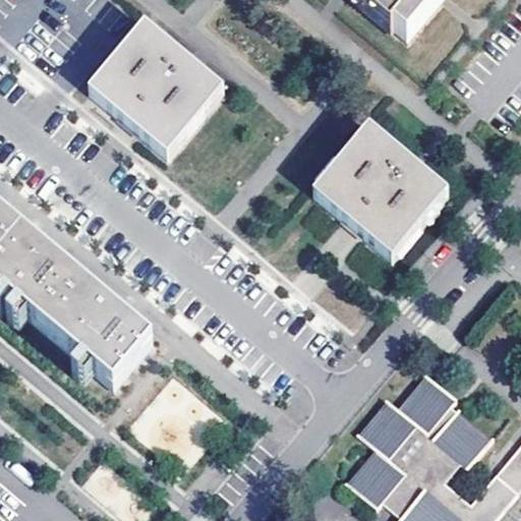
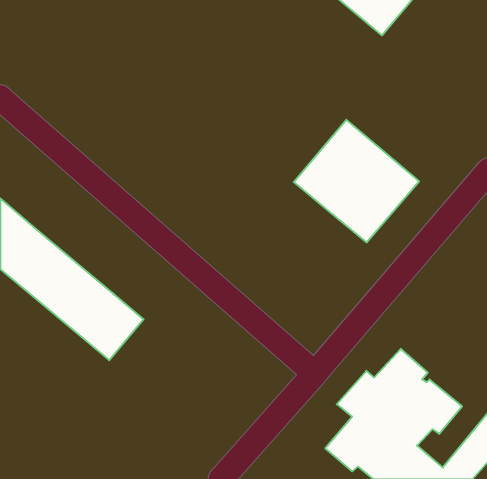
building: [93,21,227,154] -> none

